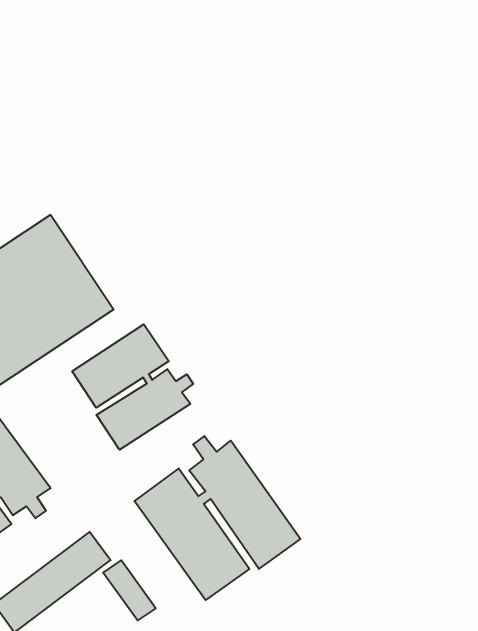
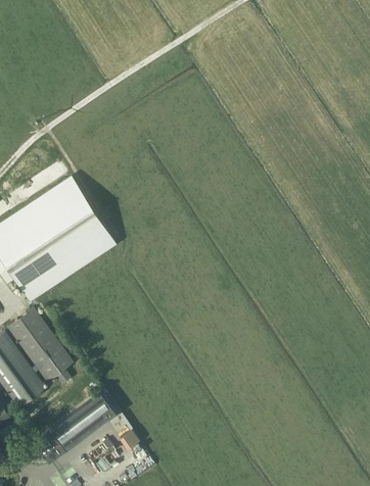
building: [72,324,193,450] -> none
building: [134,436,300,600] -> none

